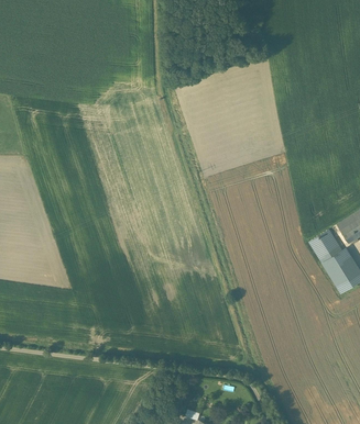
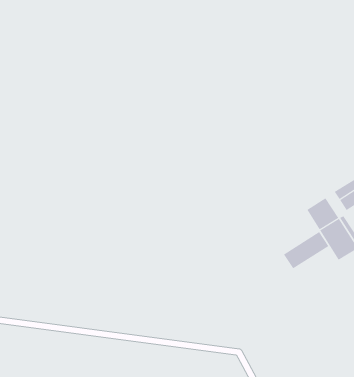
building: none -> [283,231,329,269]

